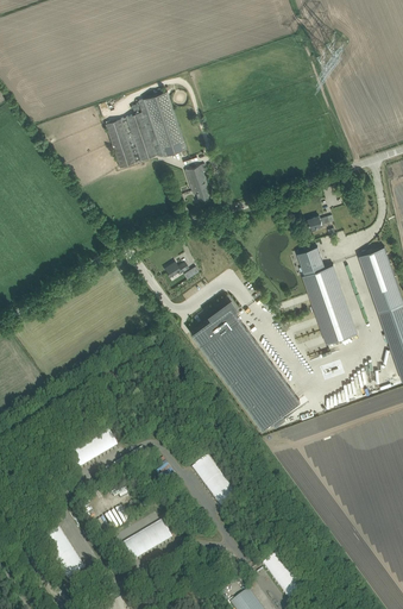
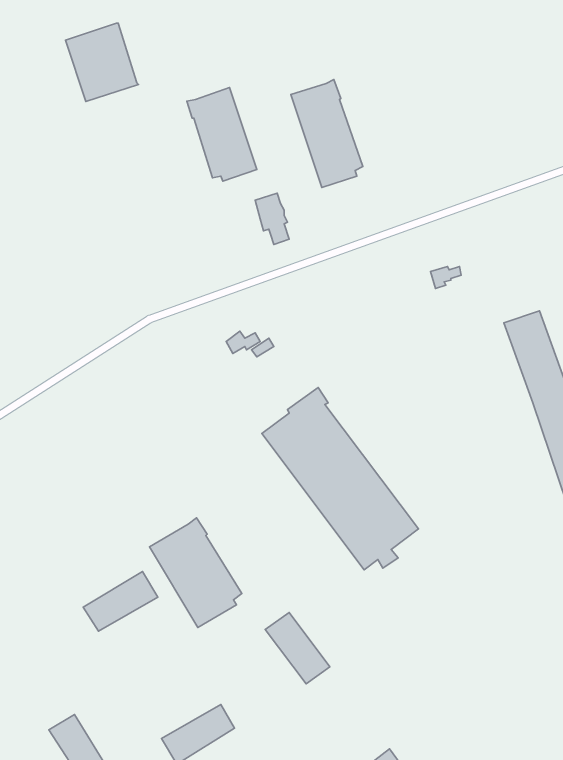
building: none -> [291,79,363,187]
building: [106,113,157,168] -> [65,23,139,102]
building: [298,247,357,344] -> none
building: none -> [150,518,242,627]

